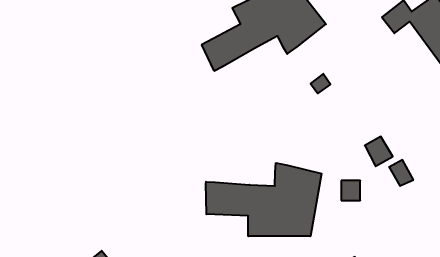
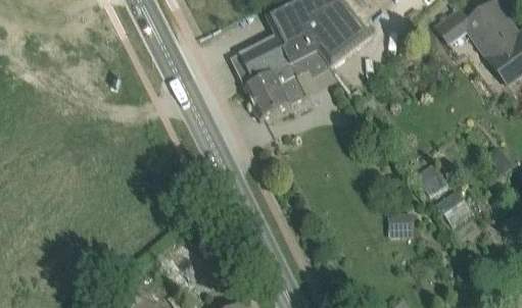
building: none -> [245,47,328,119]
building: [206,163,322,236] -> none

